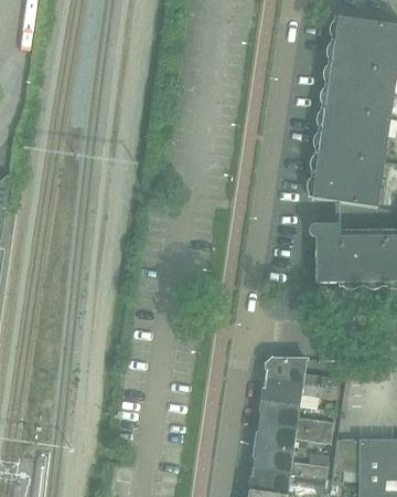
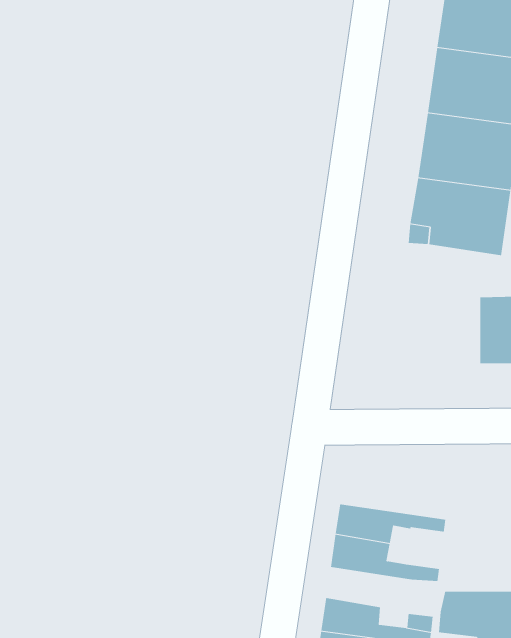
building: [309,223,362,282] -> none
building: [265,359,340,390] -> none
building: [255,423,333,451] -> none

